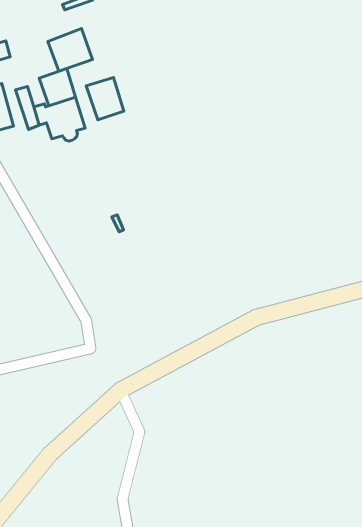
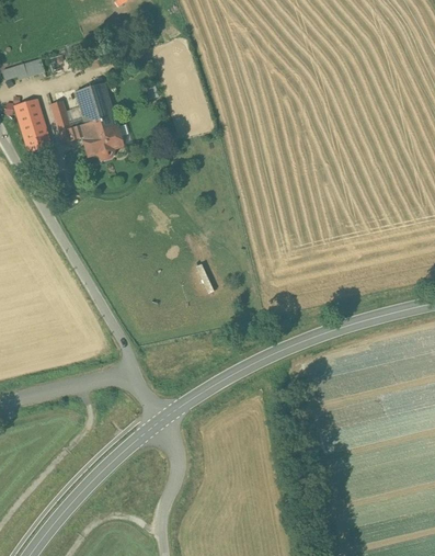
building: [48,28,92,71] -> none
building: [86,78,124,120] -> none

